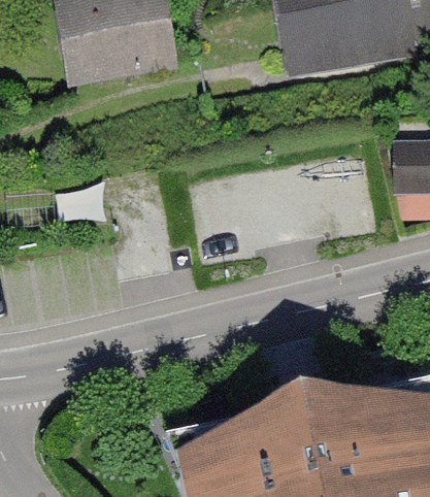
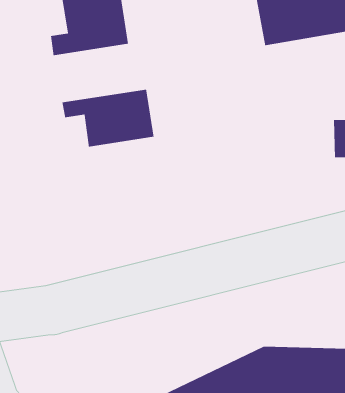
building: none -> [62,89,154,147]

